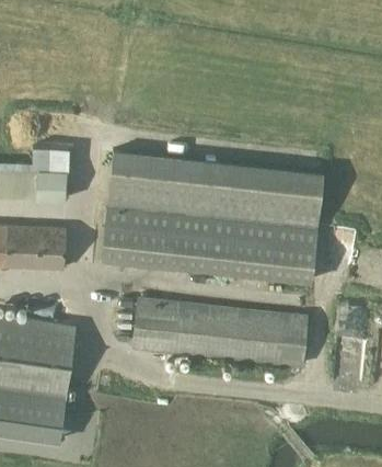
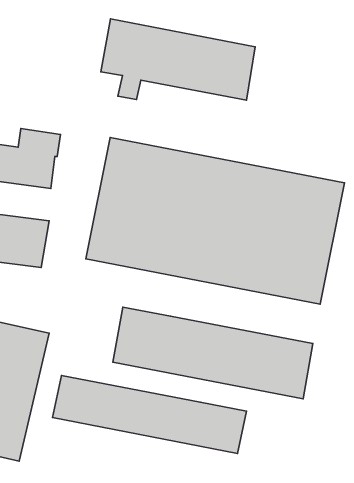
building: none -> [101,19,255,100]
building: none -> [53,375,247,454]

